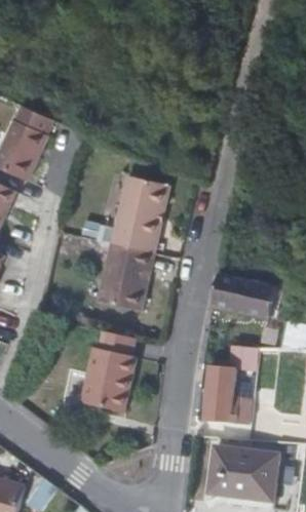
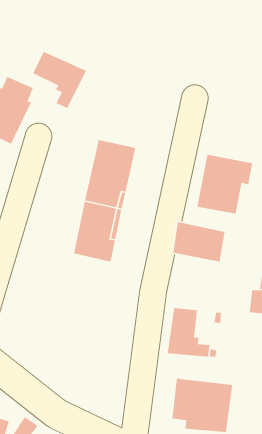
building: none -> [32,51,87,109]
building: none -> [196,154,253,214]
building: [79,330,135,411] -> none

